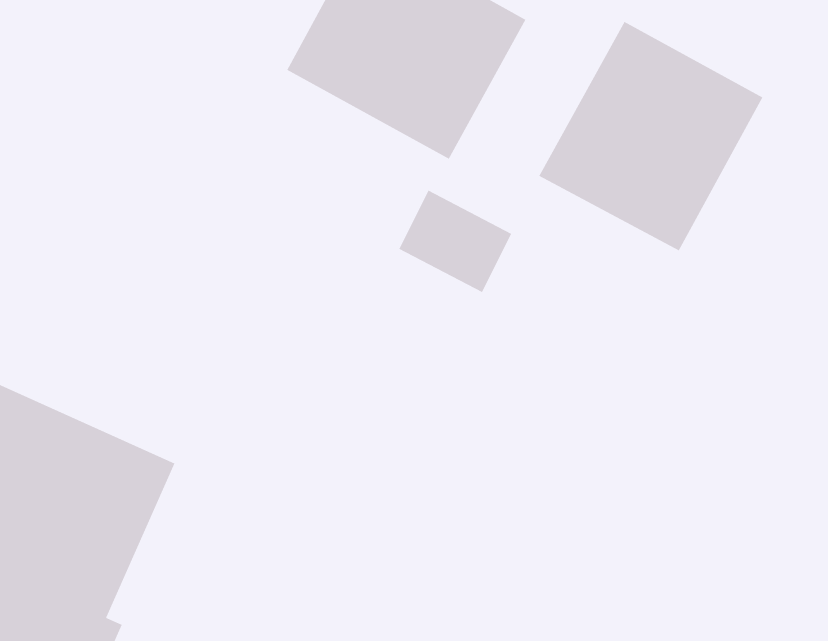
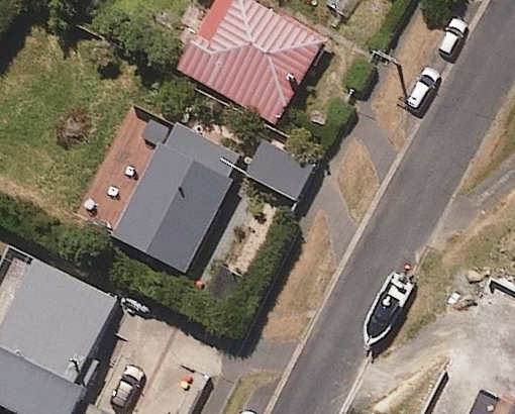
building: [538,21,764,252] -> none
building: none -> [109,122,241,272]

